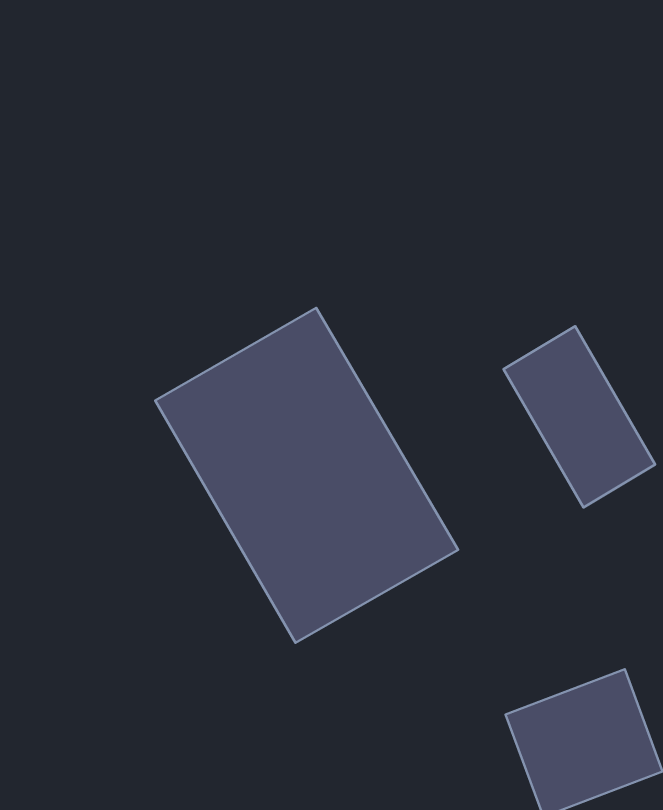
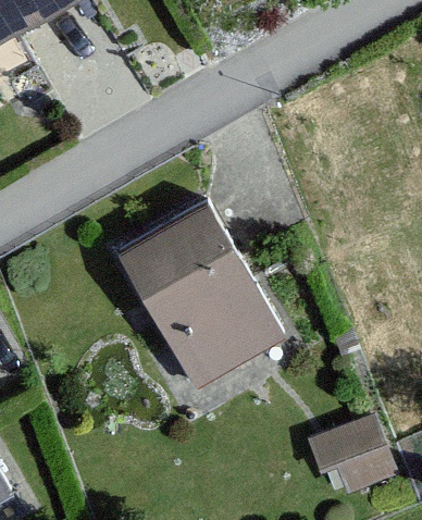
building: [504,326,655,507] -> none

